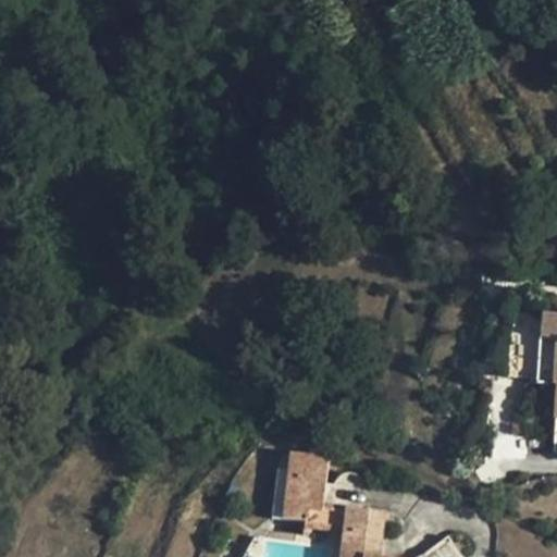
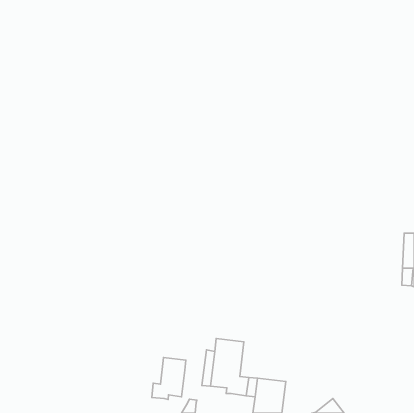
building: none -> [152,357,186,399]

